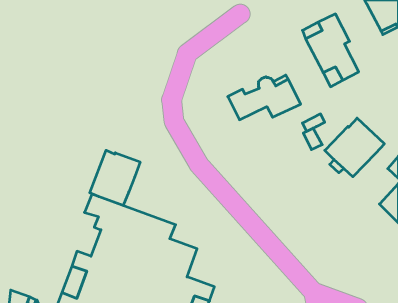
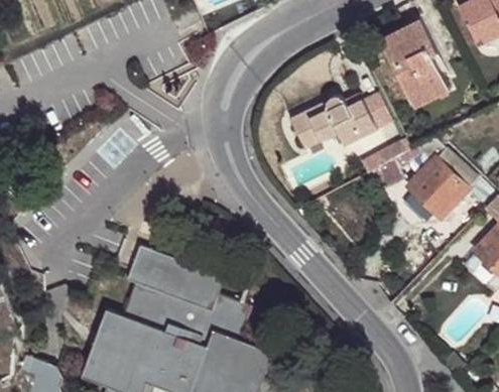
building: [90,150,140,206] -> none

